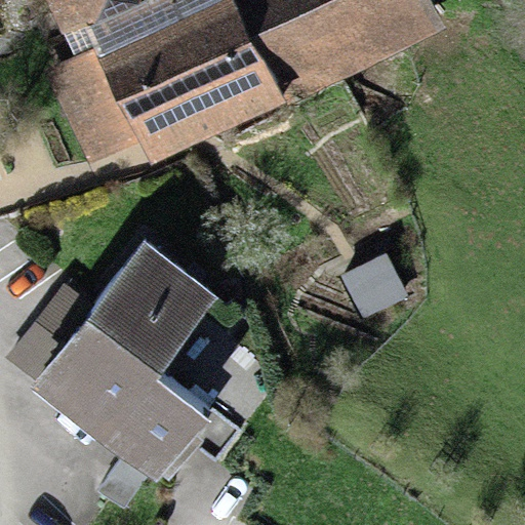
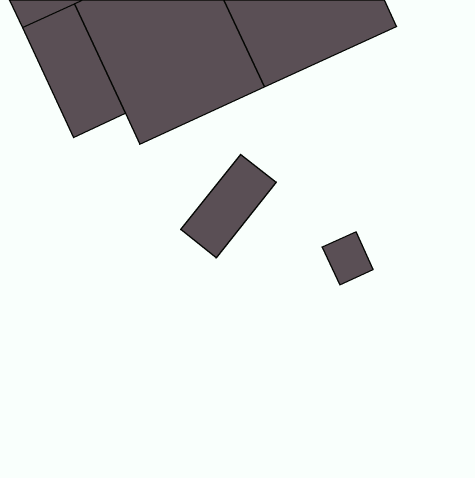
building: none -> [181,154,276,258]
building: [41,238,216,465] -> none

